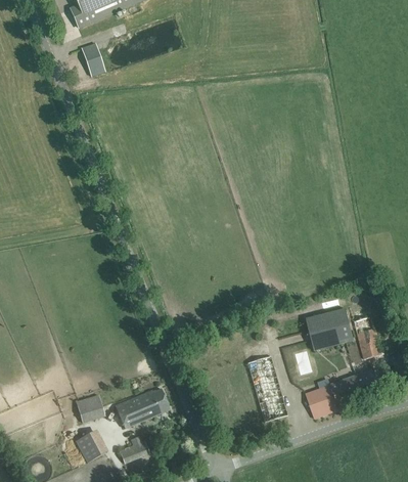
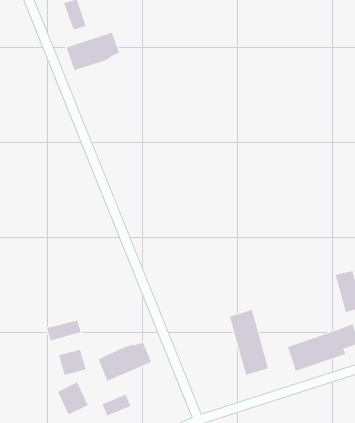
building: none -> [66,32,120,71]
building: [306,312,352,350] -> none
building: none -> [46,320,82,341]

